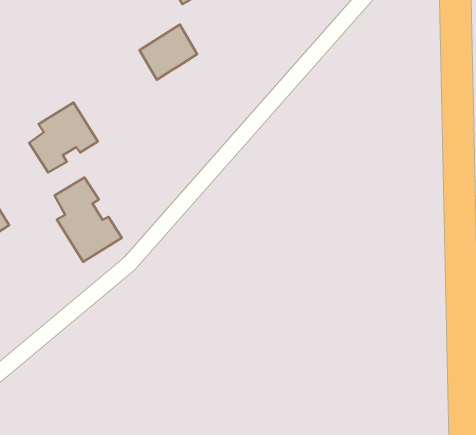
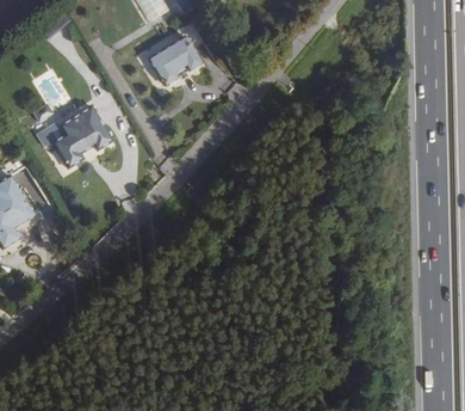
building: [55,178,122,262] -> none

